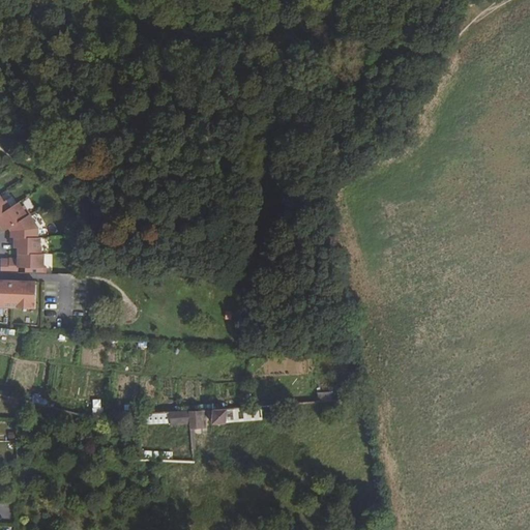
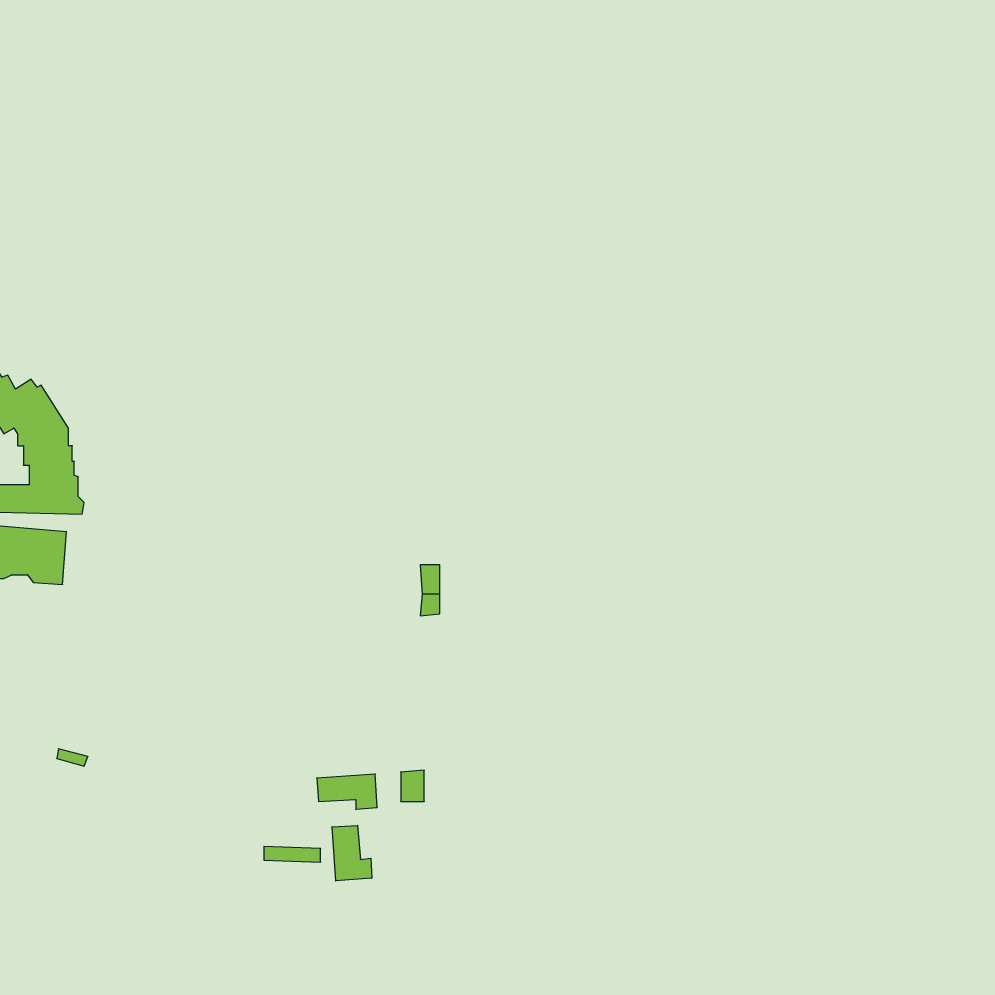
building: none -> [332,825,372,881]

